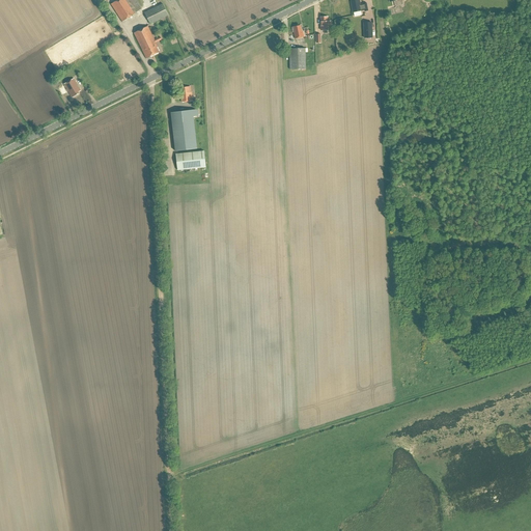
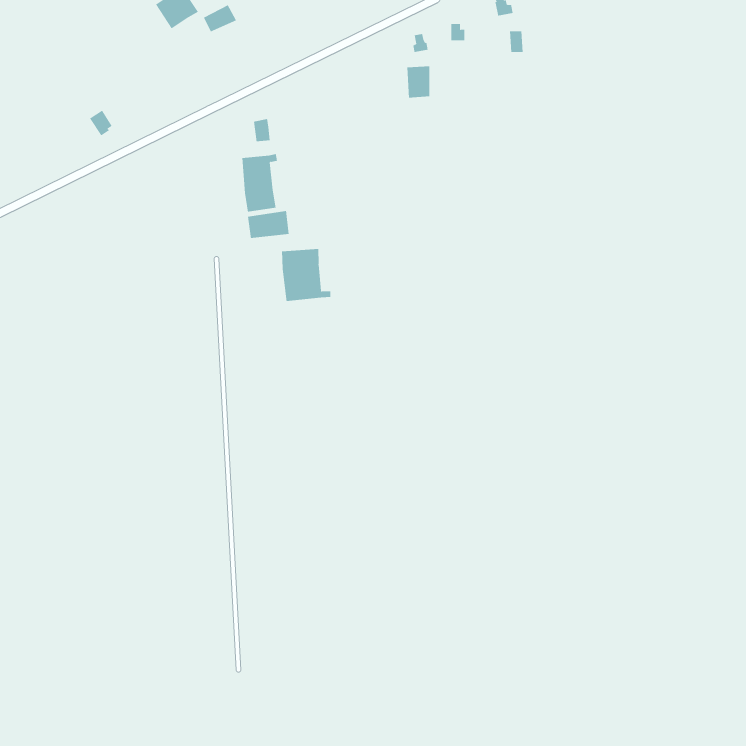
building: [133,26,161,58] -> none
building: none -> [282,248,331,302]

